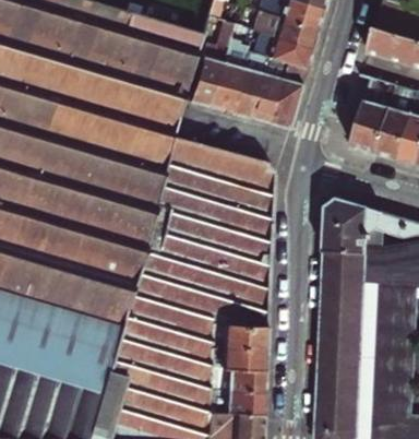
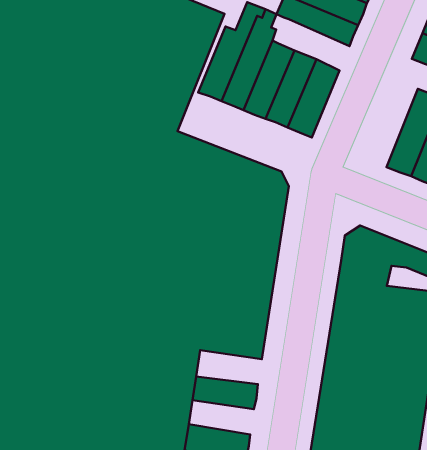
building: [251,29,312,69] -> none
building: [211,321,265,345] -> none
building: [208,365,263,389] -> none

